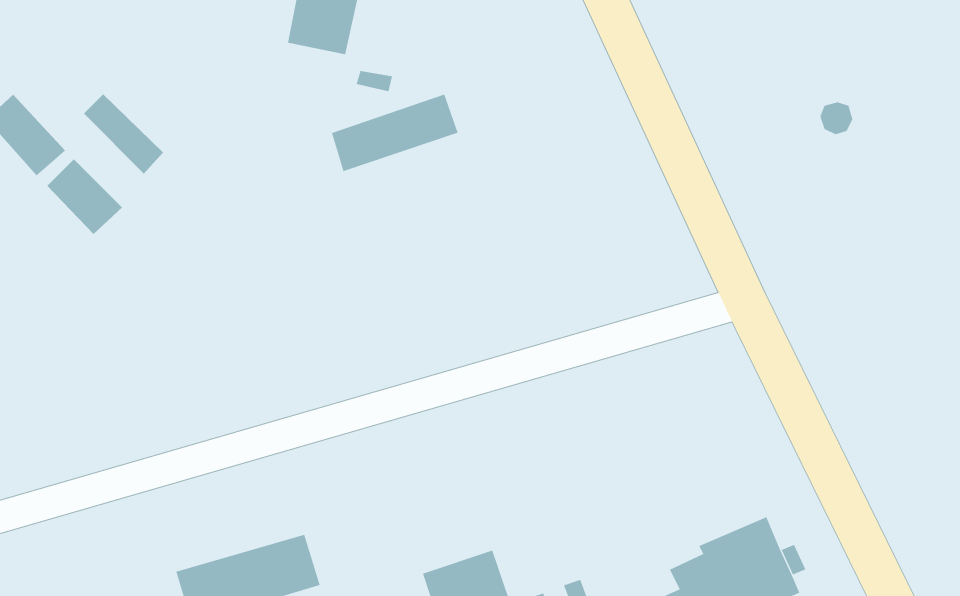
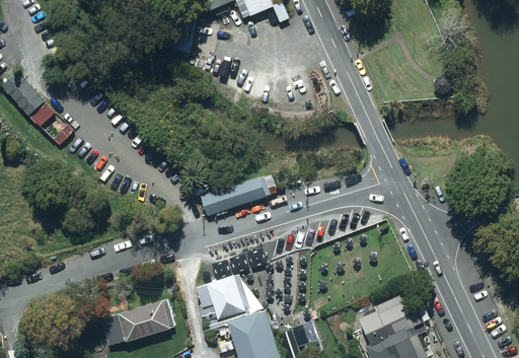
building: [83,94,164,174] -> none
building: [331,94,458,172] -> [201,175,267,216]
building: none -> [196,275,249,323]

